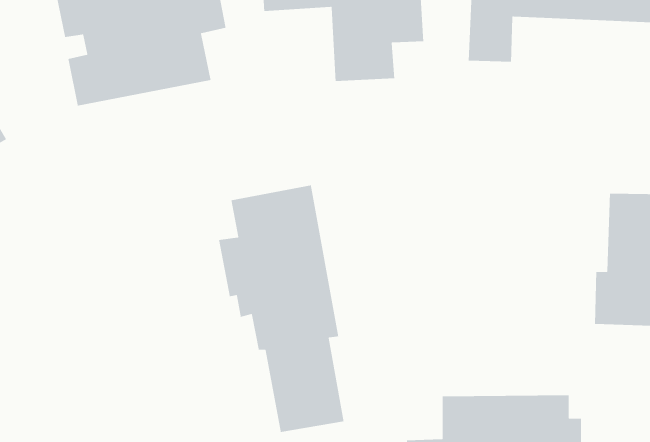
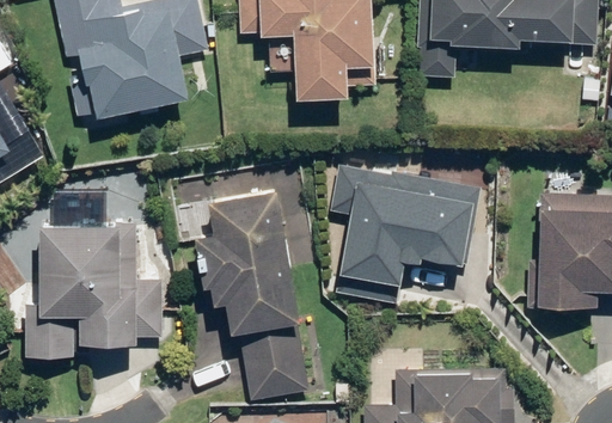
building: none -> [328,168,478,284]
building: none -> [24,221,164,357]

